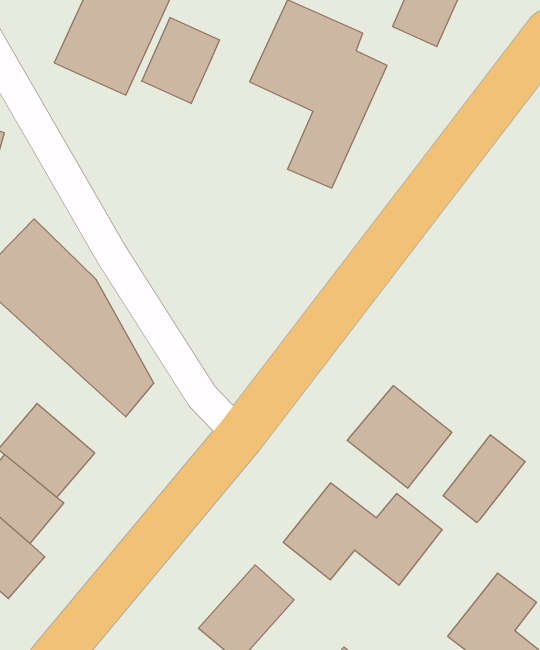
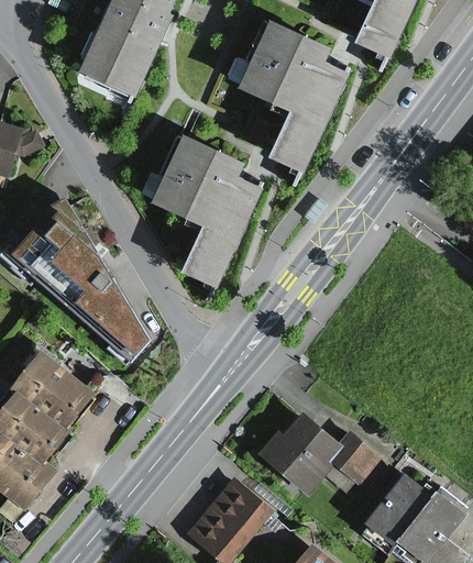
building: [142,17,219,104] -> none
building: none -> [147,136,260,290]
building: [347,386,452,488] -> none
building: [443,435,525,522] -> [364,473,431,544]

